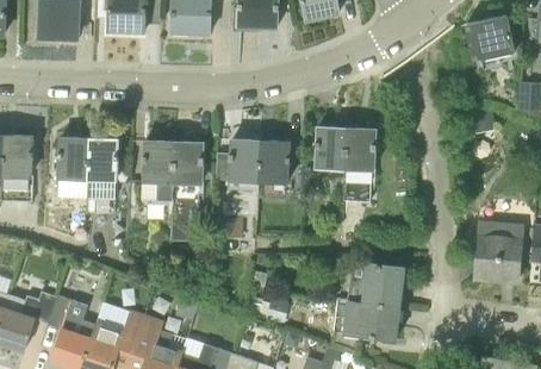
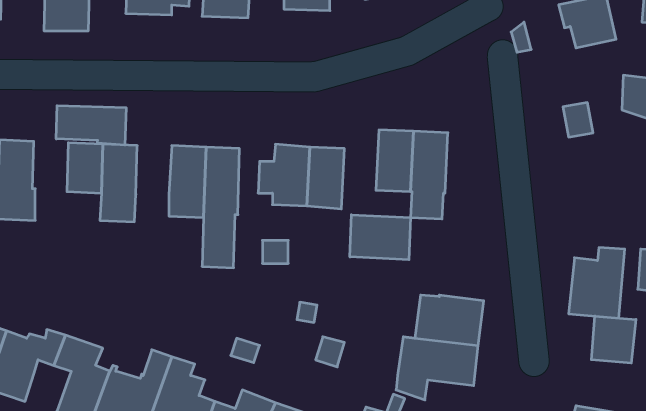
building: none -> [56,106,126,145]
building: none -> [350,215,410,260]
building: none -> [591,316,636,363]

